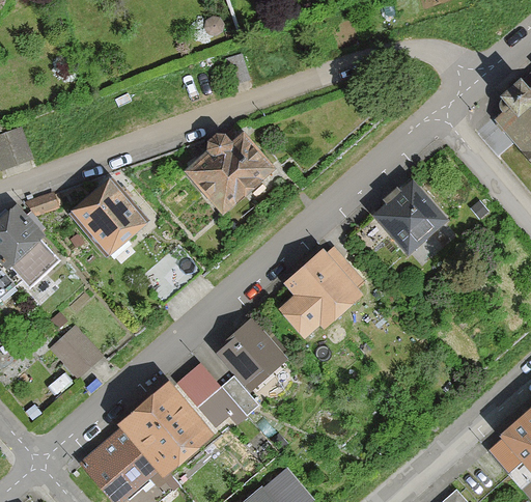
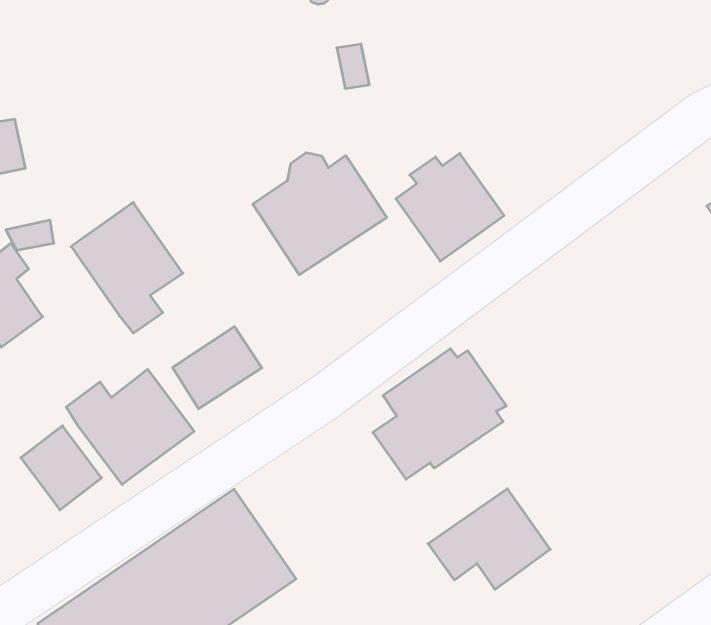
building: [375,183,447,254] -> [396,153,504,261]
building: none -> [66,369,194,485]
building: [204,324,284,390] -> [428,489,550,589]

